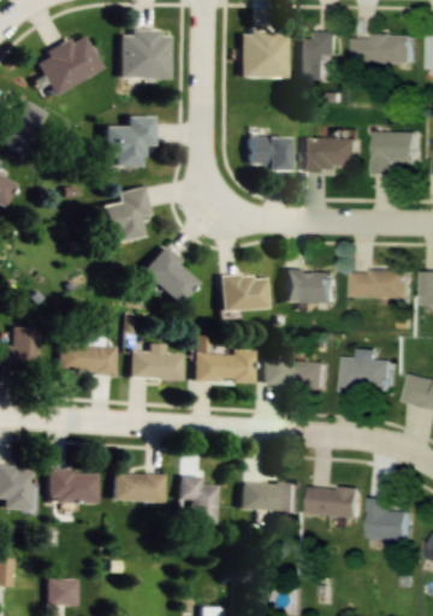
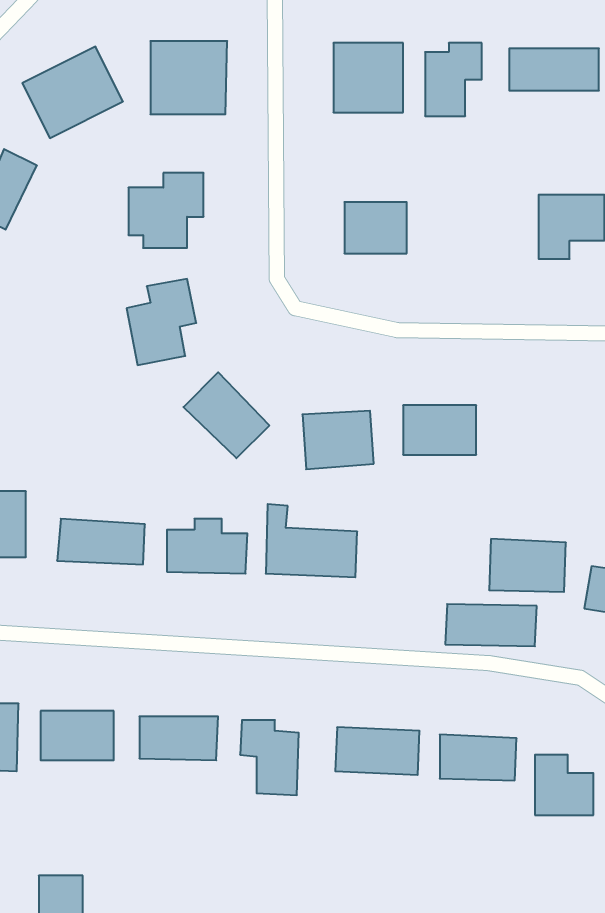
building: [307,137,360,171] -> none
building: [354,270,414,297] -> none
building: [267,360,327,387] -> [445,604,537,646]

